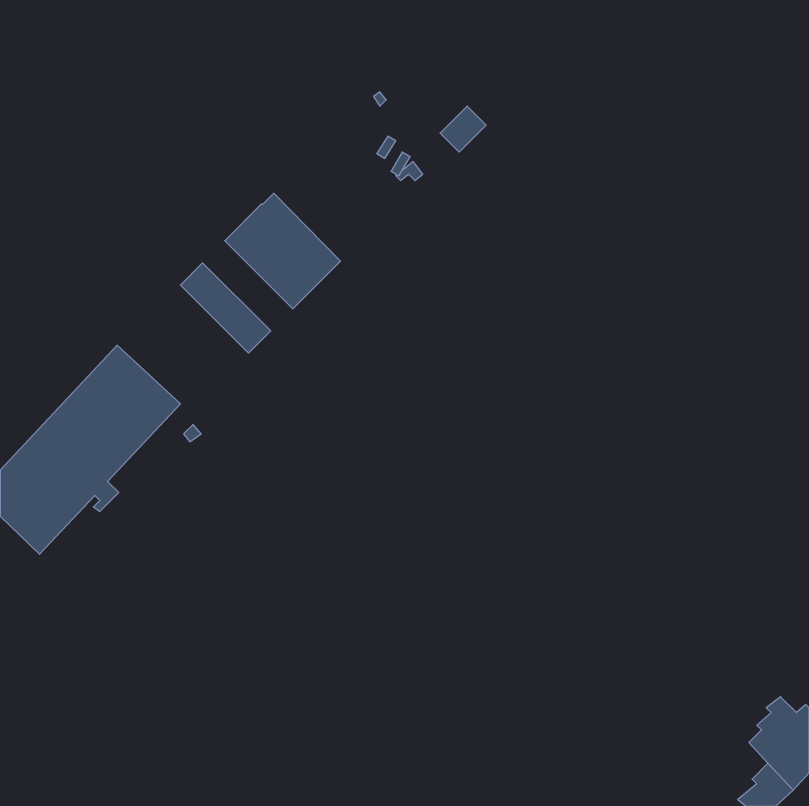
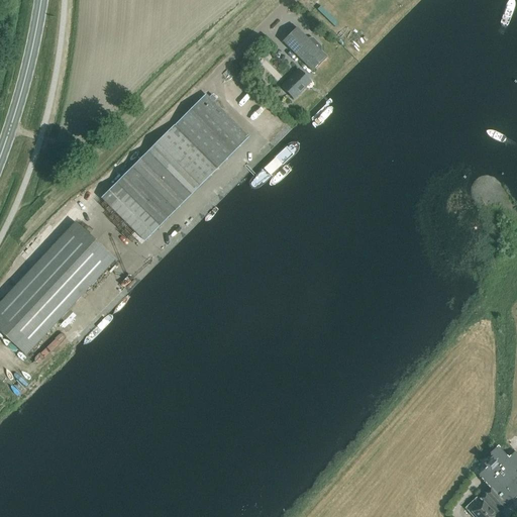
building: none -> [282,25,325,69]
building: none -> [175,93,247,167]
building: none -> [129,153,187,211]
building: none -> [101,182,159,239]

